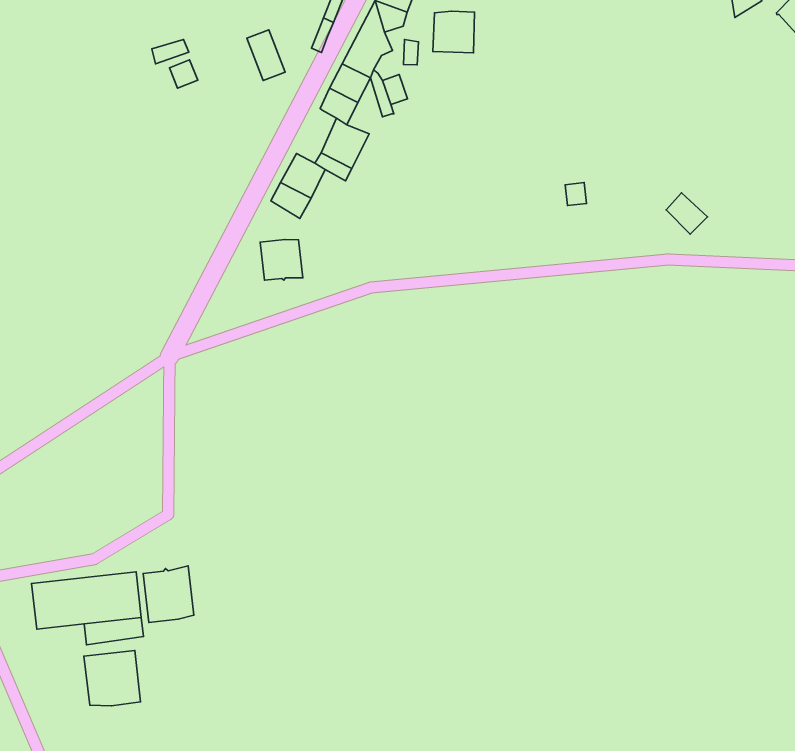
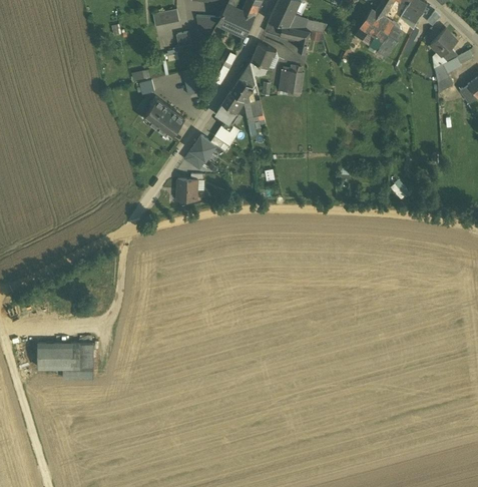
building: none -> [144,98,184,135]
building: [143,566,194,623] -> none
building: [84,650,141,706] -> none

